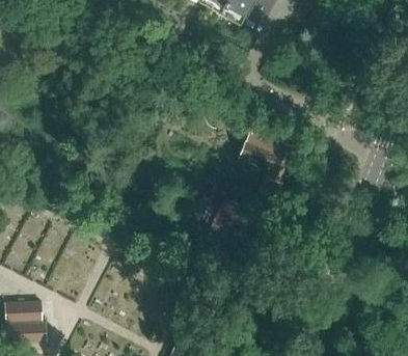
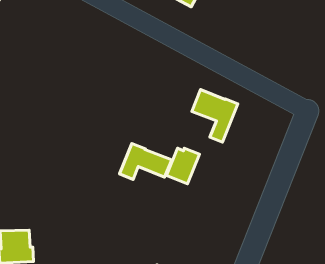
building: none -> [120,143,172,179]

